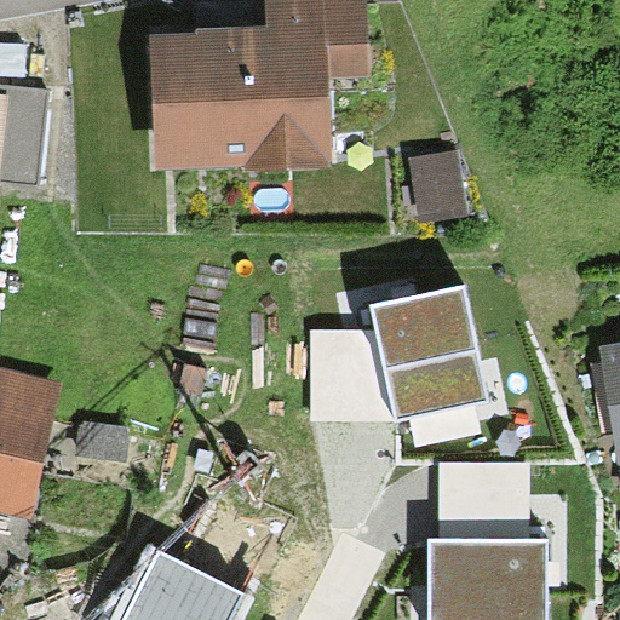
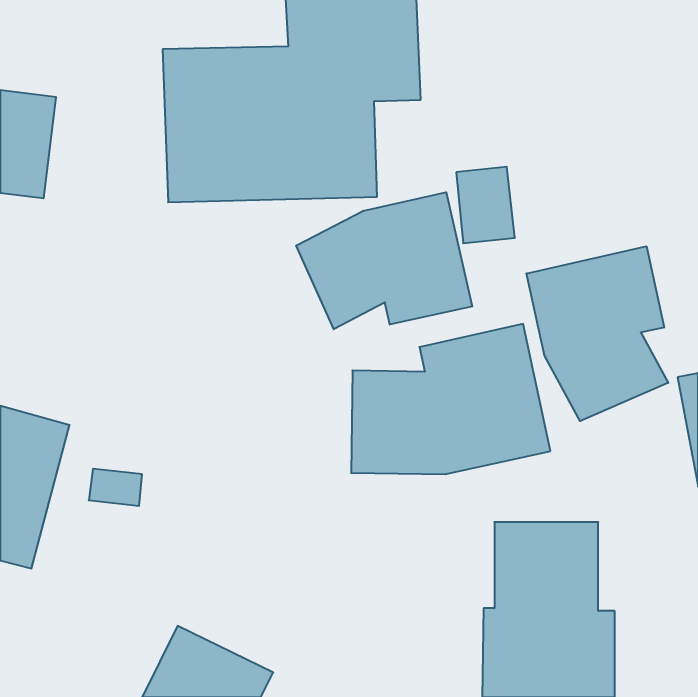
building: none -> [296,192,472,329]
building: none -> [526,246,668,421]

